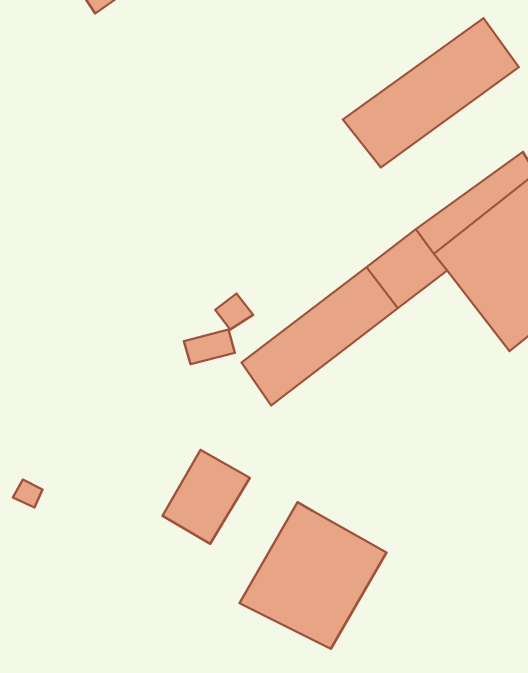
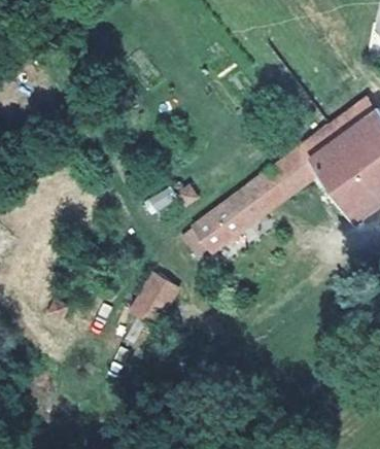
building: [343,18,519,167] -> none
building: [239,502,387,649] -> none

